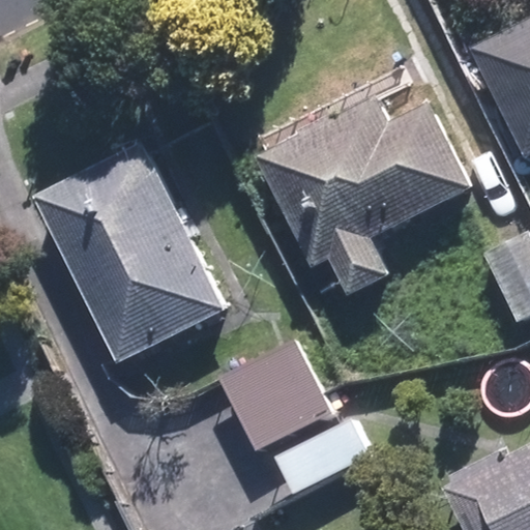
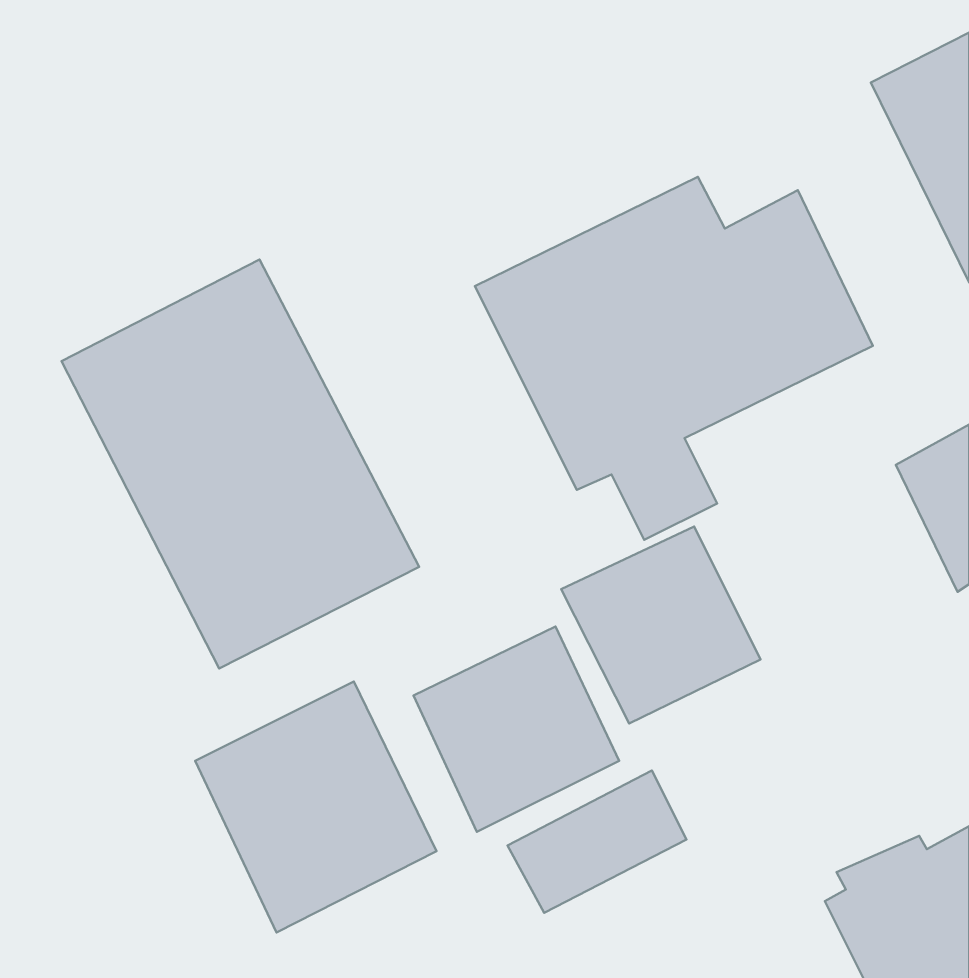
building: none -> [561,527,761,723]
building: none -> [195,681,436,932]

